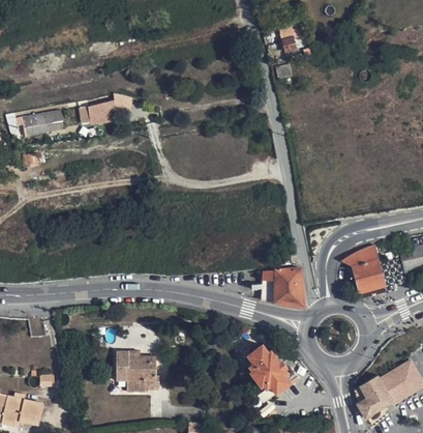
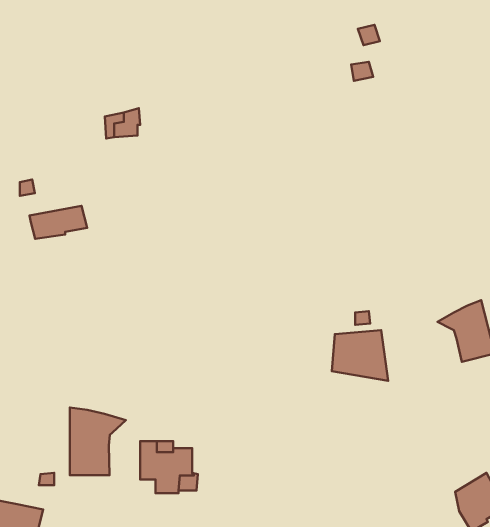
building: [21,110,64,135] -> [30,206,87,239]
building: none -> [70,407,126,475]
building: [247,345,291,393] -> none

